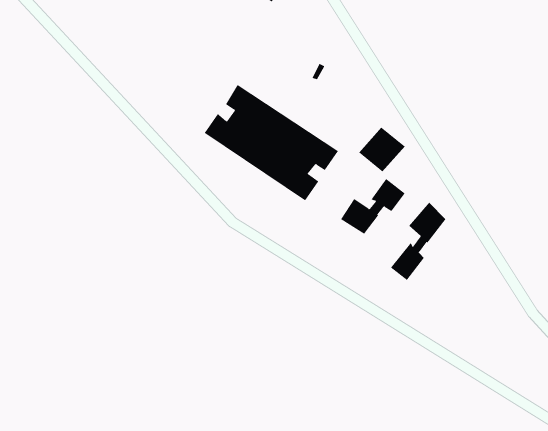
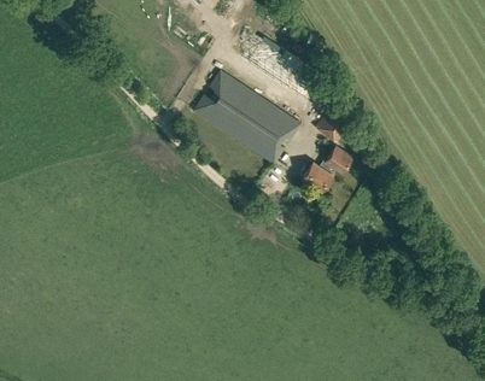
building: [390,202,446,281] -> none

